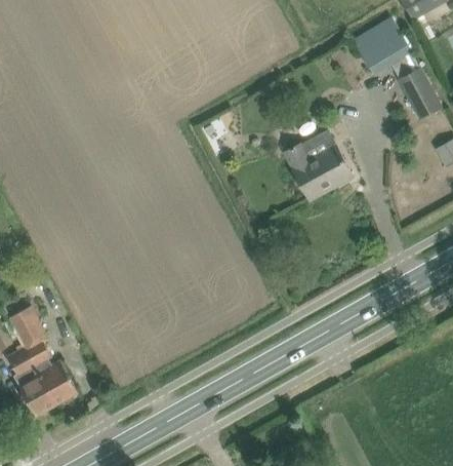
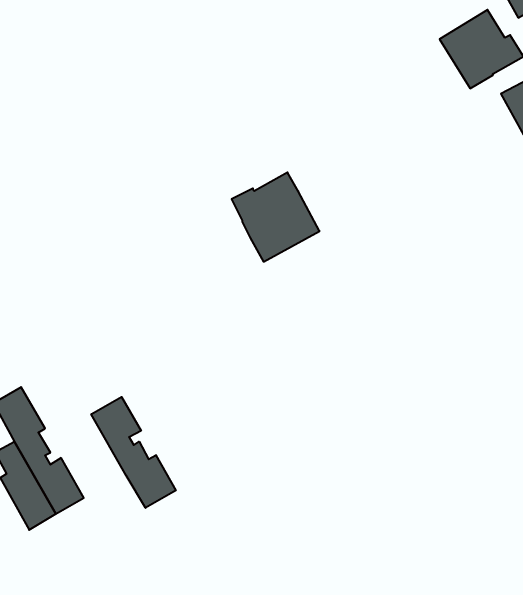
building: [284,130,352,199] -> [232,172,320,262]
building: none -> [91,397,176,508]

